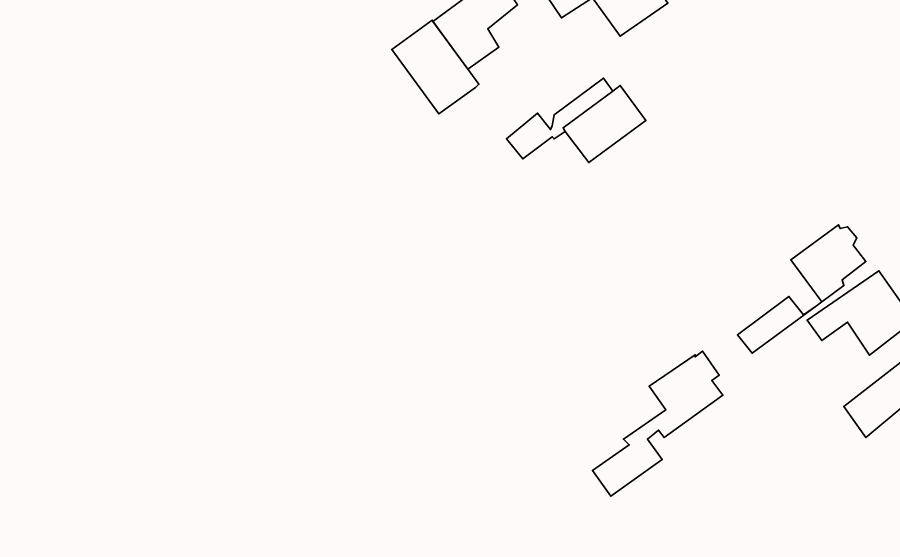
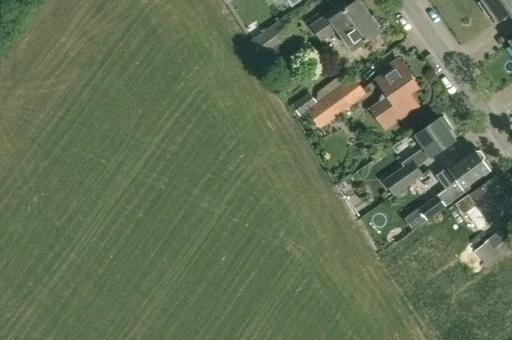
building: [392,20,479,114] -> none
building: none -> [368,62,419,132]
building: [592,351,723,496] -> [383,116,454,195]

